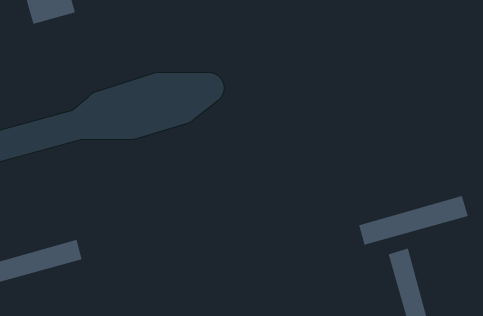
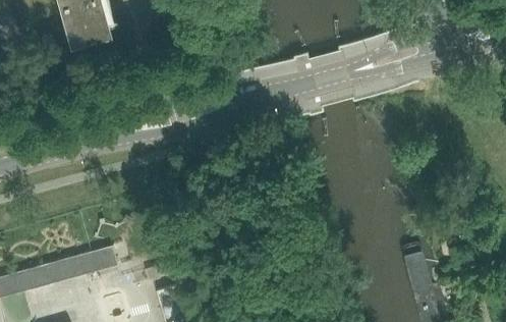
building: [358,195,468,245] -> none

